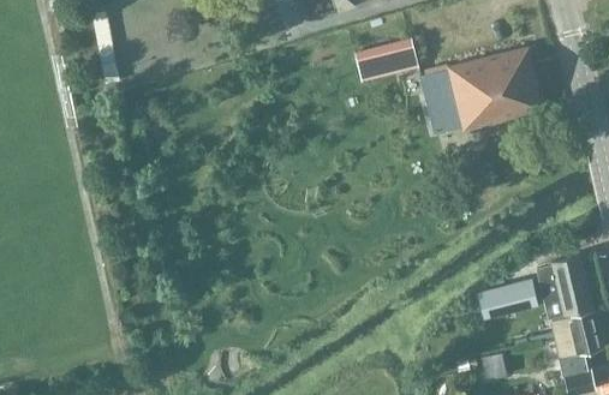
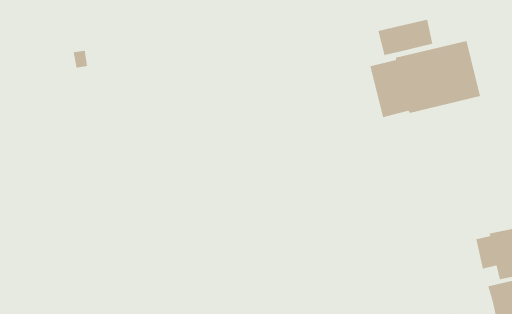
building: [354,40,417,80] -> [378,19,433,56]
building: [488,277,538,316] -> none

